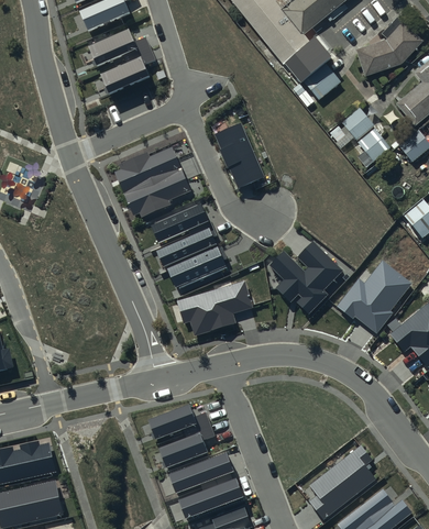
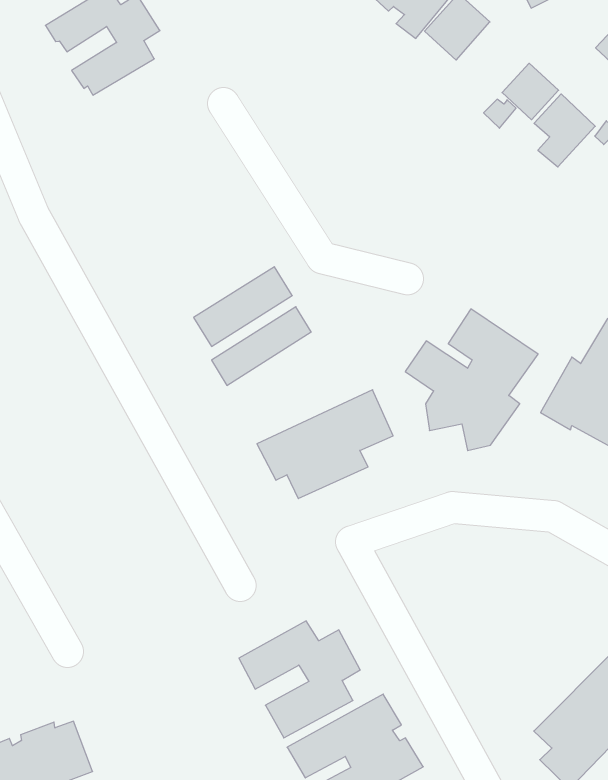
building: [214,121,265,187] -> none
building: [114,146,191,217] -> none
building: [168,245,227,287] -> none

